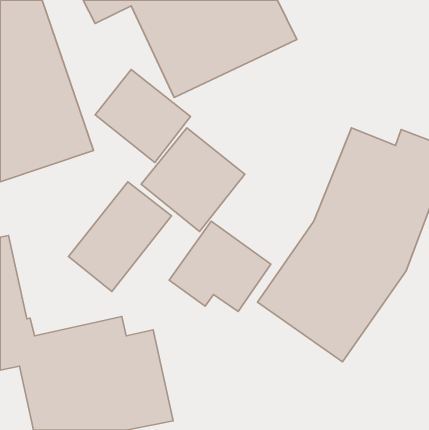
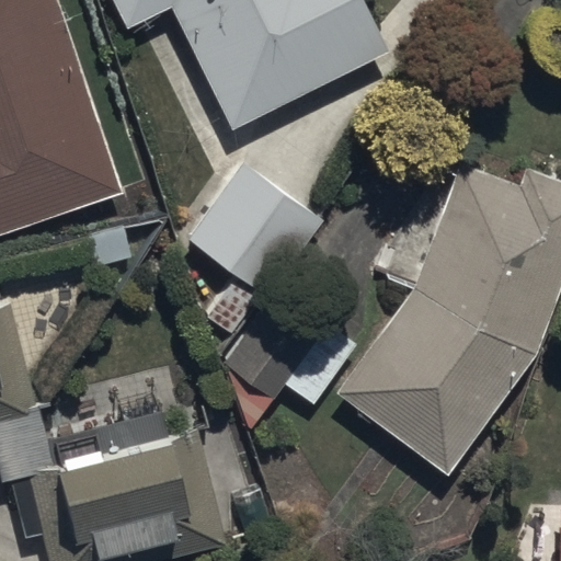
building: [95,69,190,162] -> none
building: [68,182,171,291] -> none

